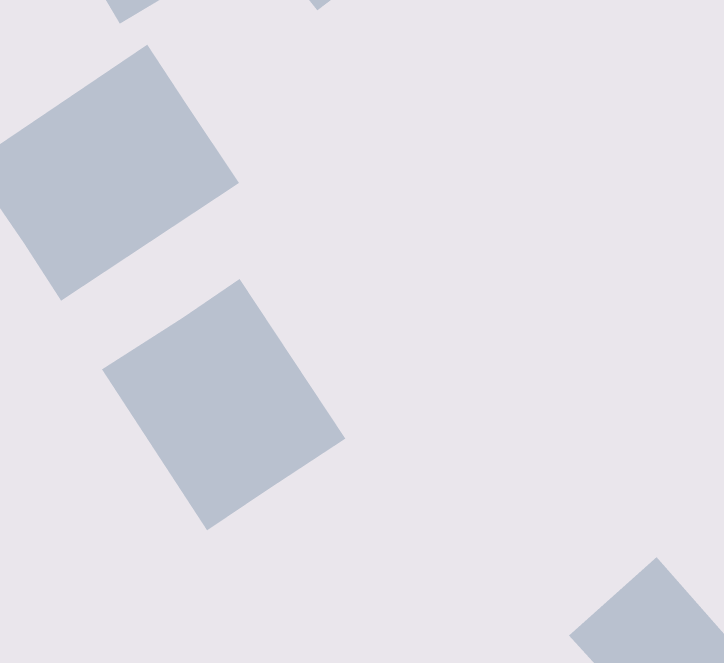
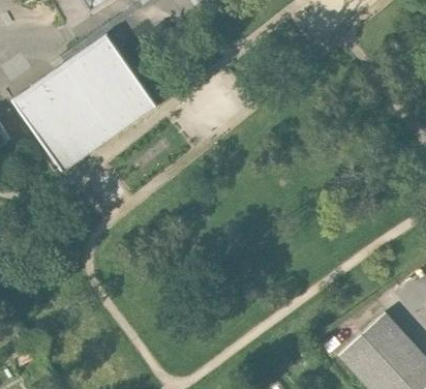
building: [101,278,347,532] -> none

